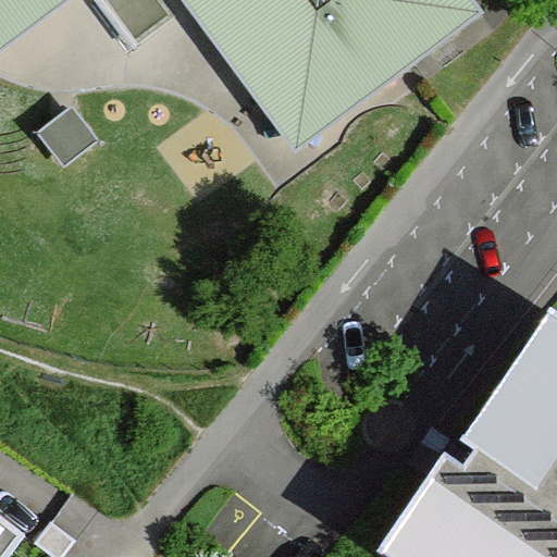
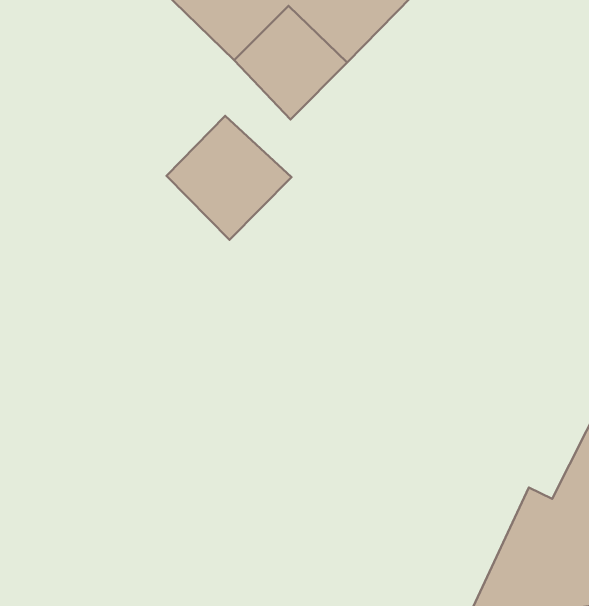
building: none -> [166,116,292,240]

